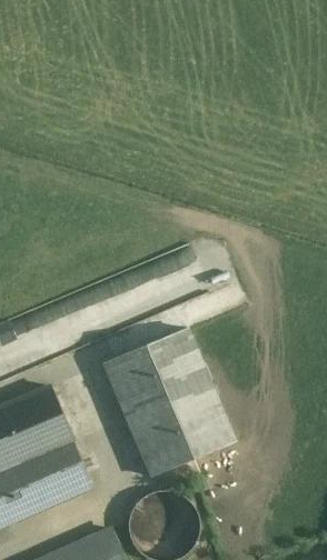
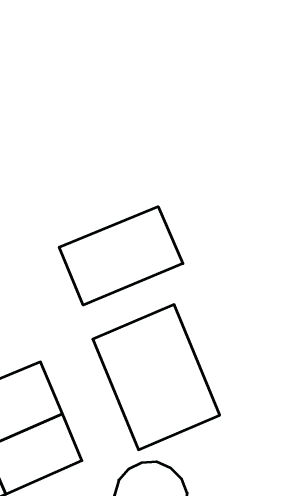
building: none -> [59,207,183,305]

